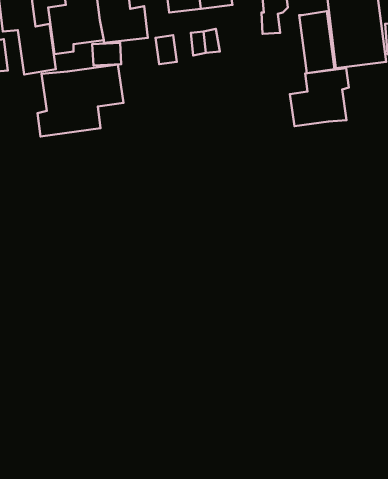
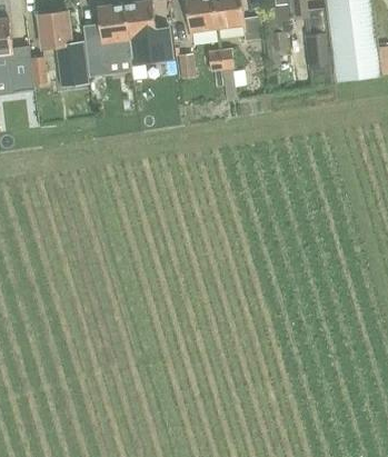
building: [37,64,123,136] -> none
building: [290,68,349,126] -> none

